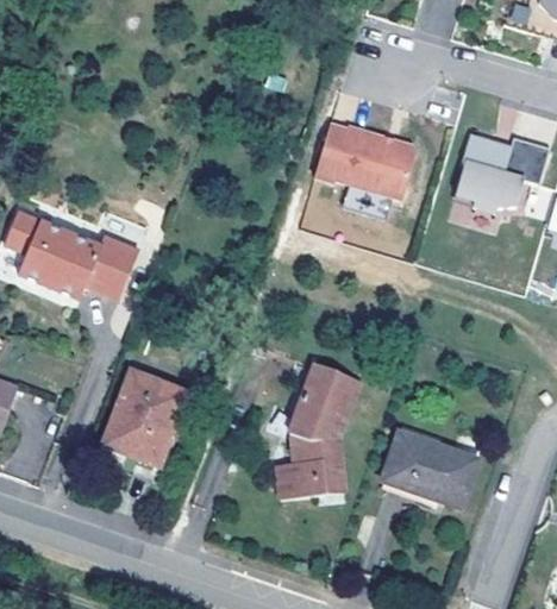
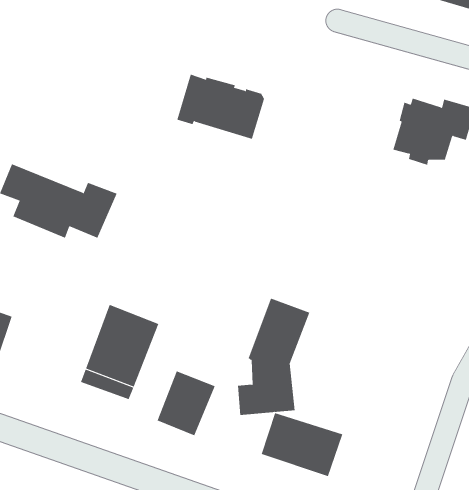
building: [314,123,415,197] -> [176,74,265,139]
building: [383,433,477,507] -> [261,412,343,477]
building: none -> [157,370,216,436]

